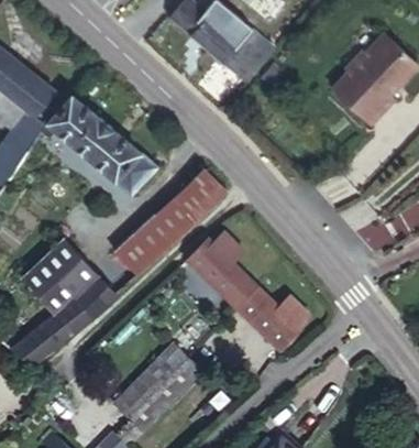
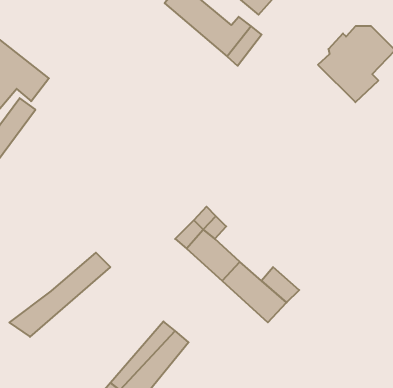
building: [34,98,155,197] -> none
building: [117,167,227,271] -> none
building: [25,240,102,316] -> none

